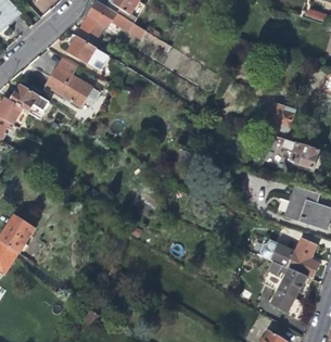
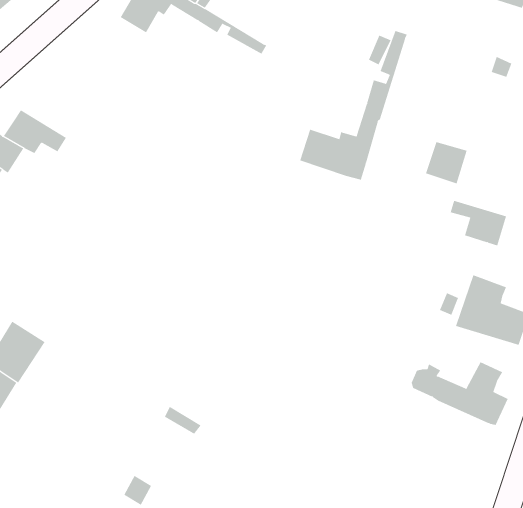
building: none -> [299,30,407,181]
building: [66,36,109,69] -> none
building: [44,58,92,106] -> none
building: [263,262,306,314] -> none

